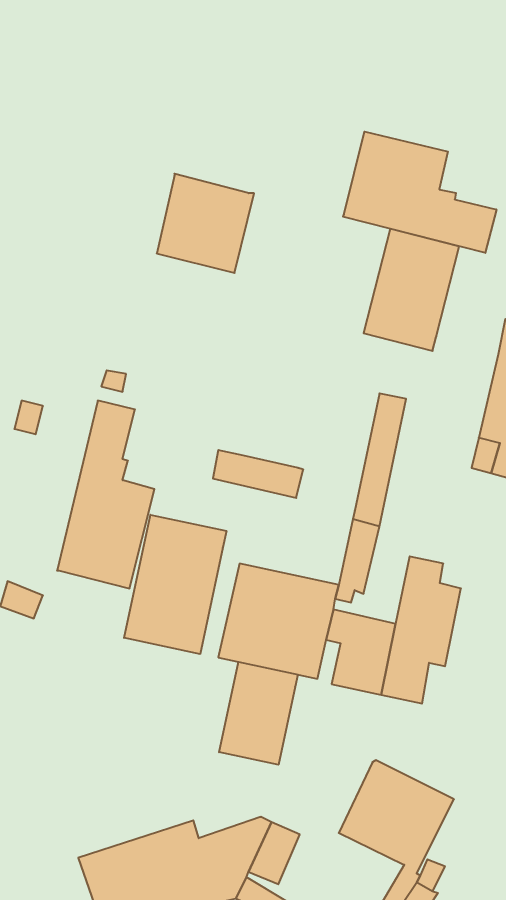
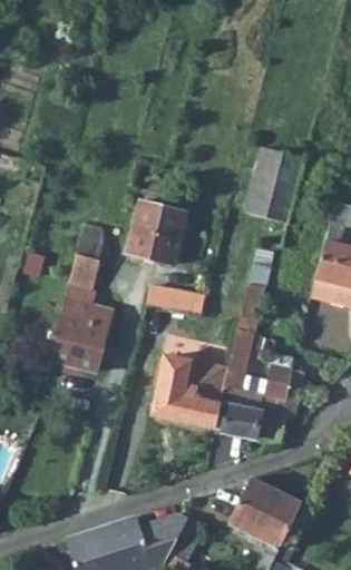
building: [343,132,496,253] -> none
building: [157,174,254,273] -> [126,200,187,263]
building: [124,515,226,654] -> none
building: [219,662,298,765] -> none

